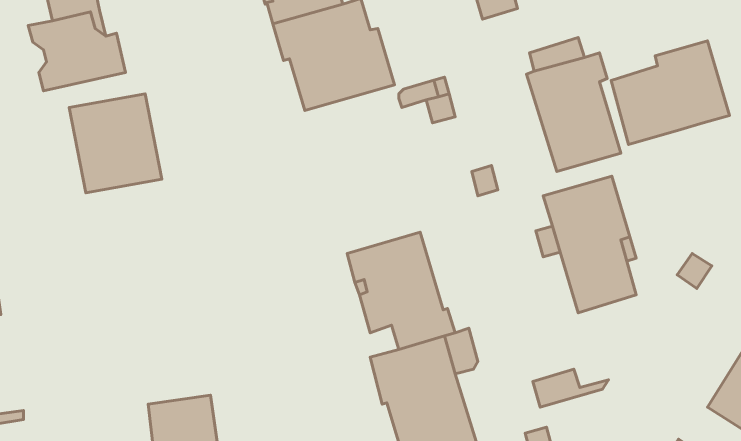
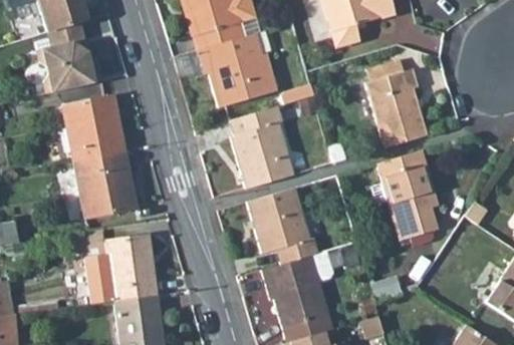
building: [611,41,729,144] -> none
building: none -> [230,106,294,189]
building: none -> [74,152,137,218]
building: none -> [85,236,157,304]

